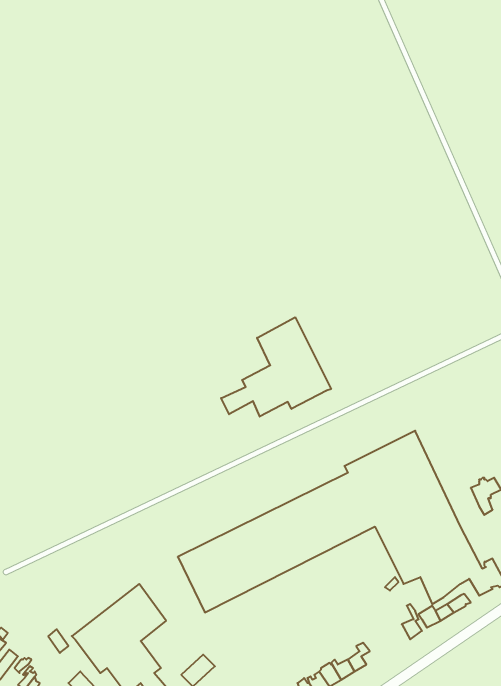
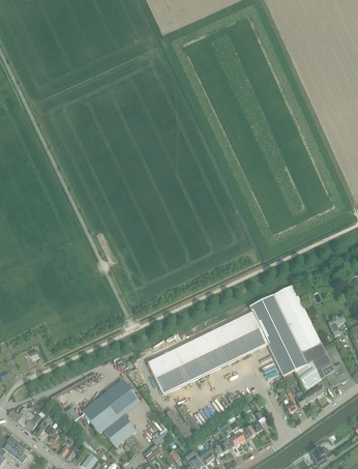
building: [221,317,331,417] -> none

